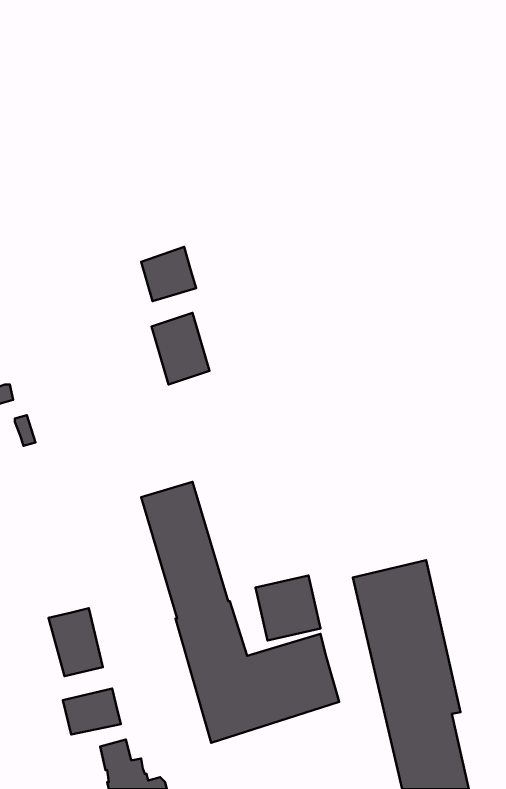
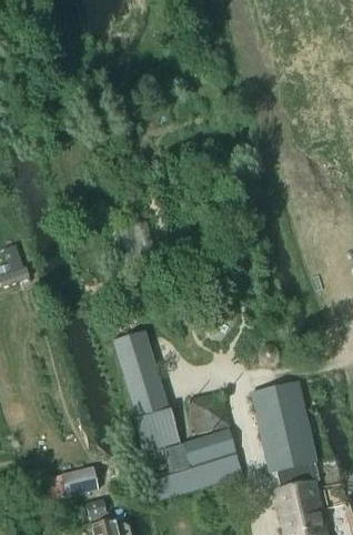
building: [141,247,196,301] -> none
building: [48,608,103,676] -> none

